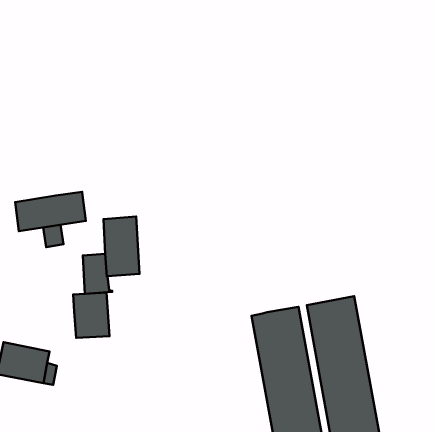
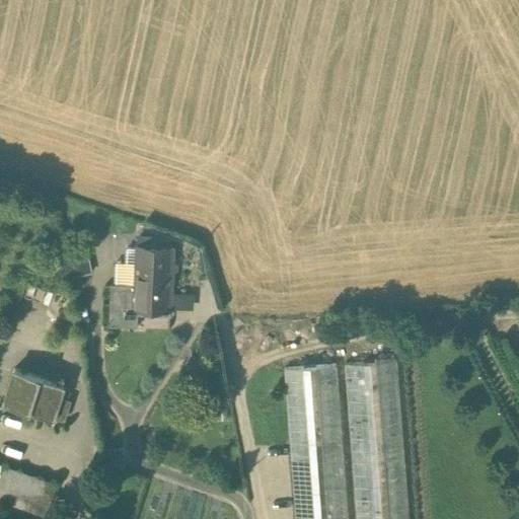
building: [15,192,86,231] -> none
building: [73,293,109,338] -> none

